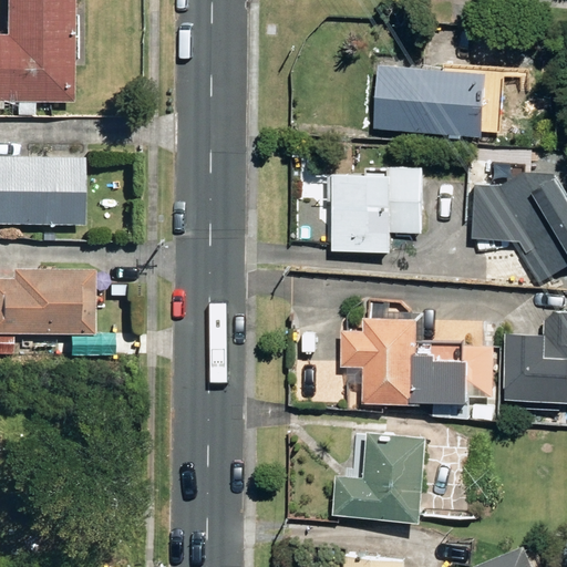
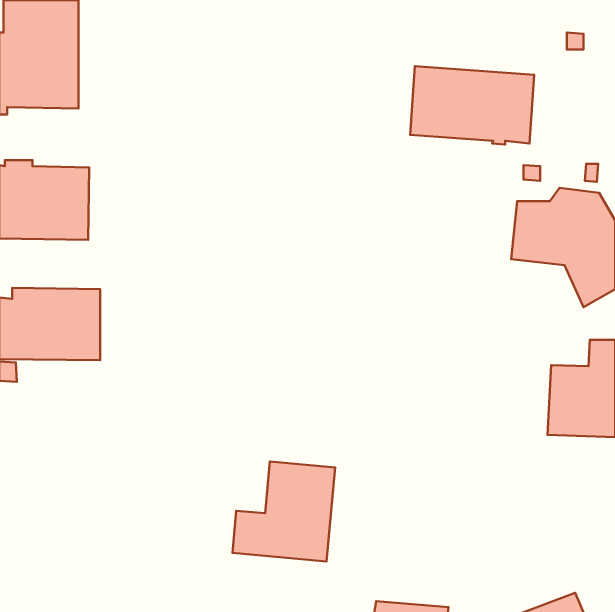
building: [322,166,427,249] -> none
building: [346,317,473,417] -> none
building: [330,435,424,527] -> [233,461,335,561]

